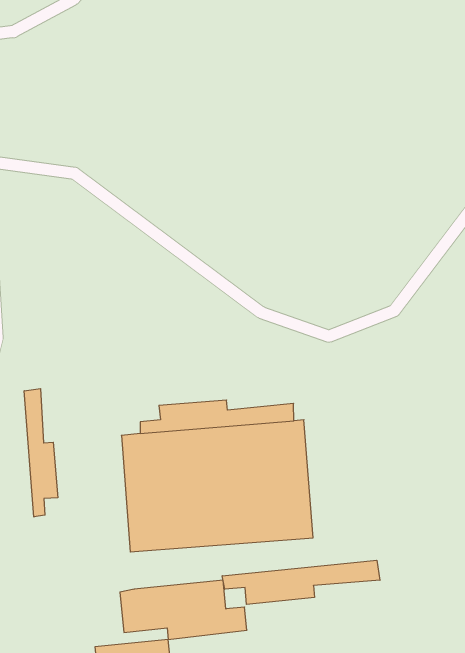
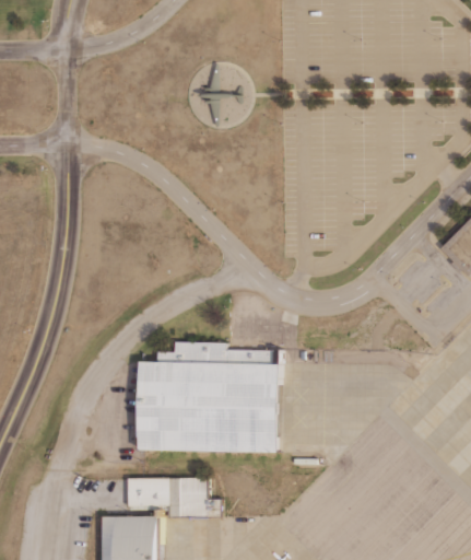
building: [24,389,58,517] -> none
building: [222,560,380,604] -> none

